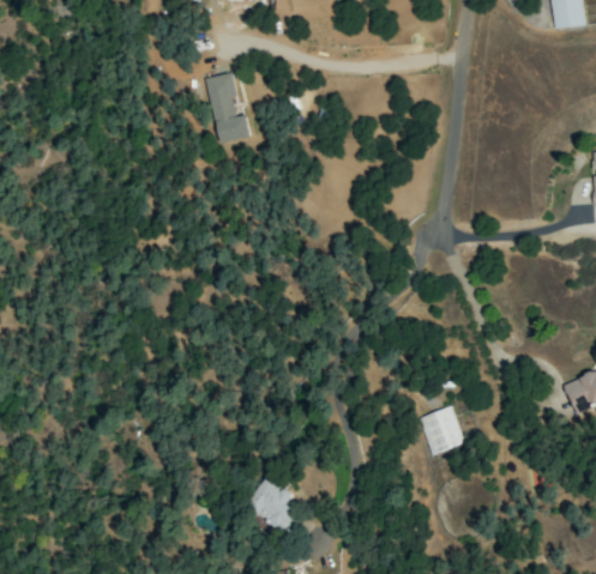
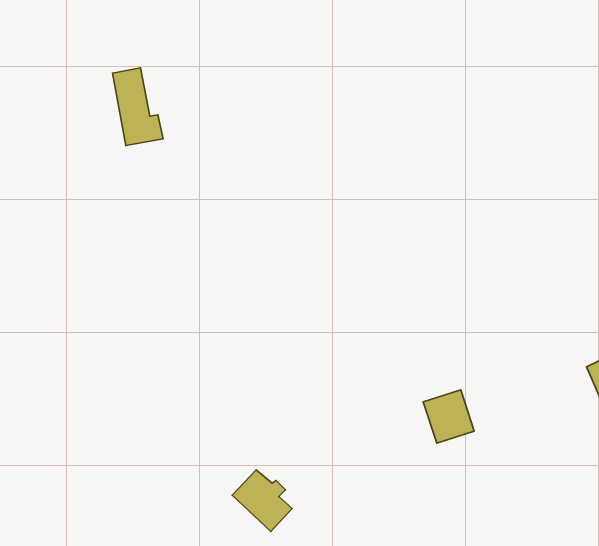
building: [206,73,252,143] -> [112,68,163,145]

